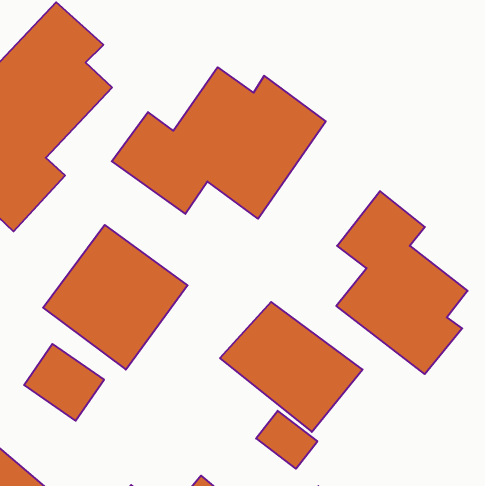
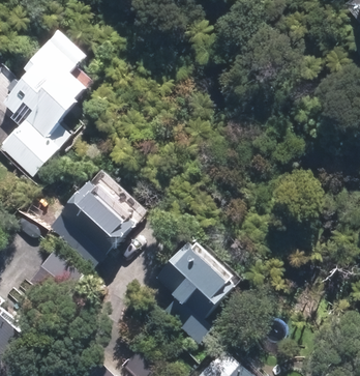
building: [112,67,326,219] -> none
building: [336,191,468,374] -> none

